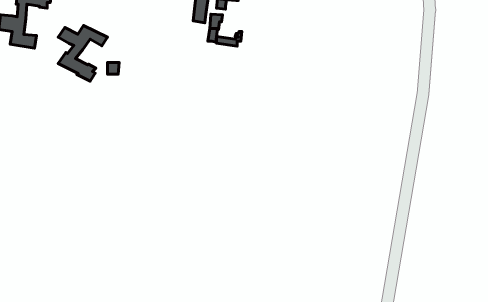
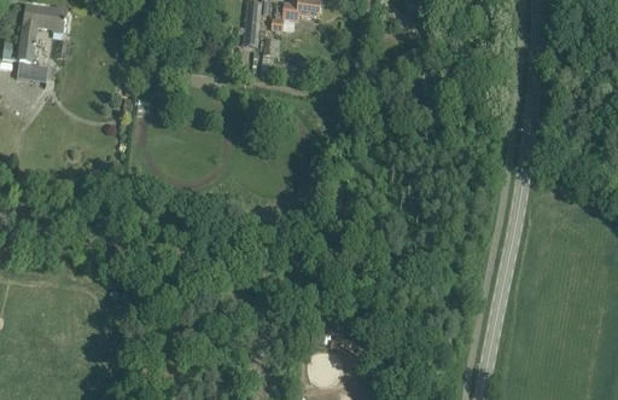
building: [58,26,107,81] -> none

